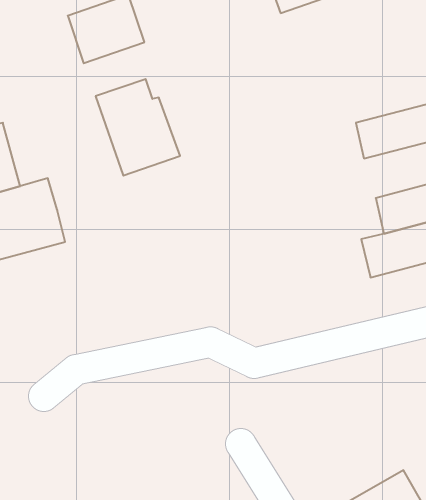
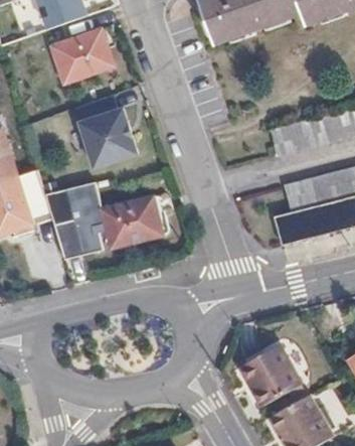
building: none -> [44,183,161,261]
building: none -> [235,339,299,405]

